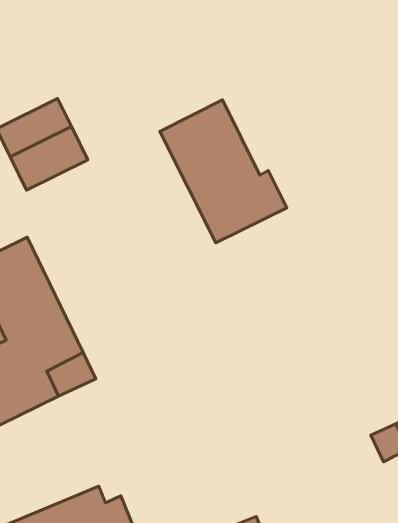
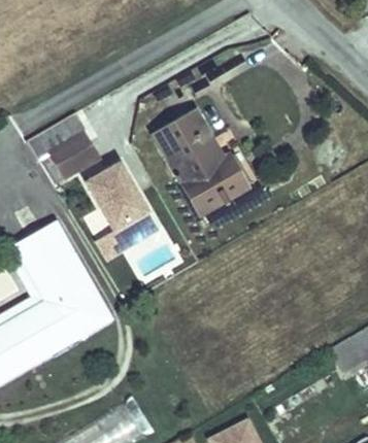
building: none -> [88,155,155,229]

